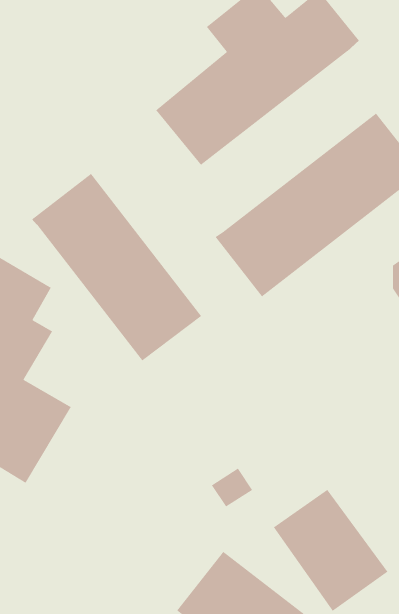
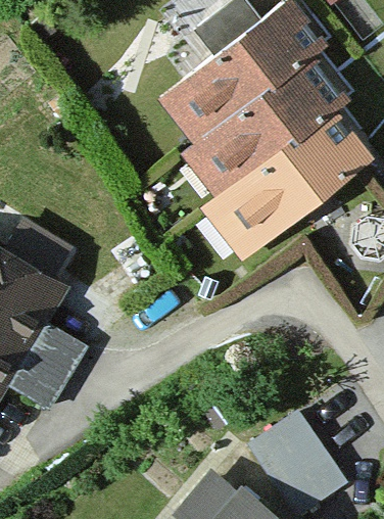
building: none -> [179,53,348,201]
building: [31,173,202,362] -> none

